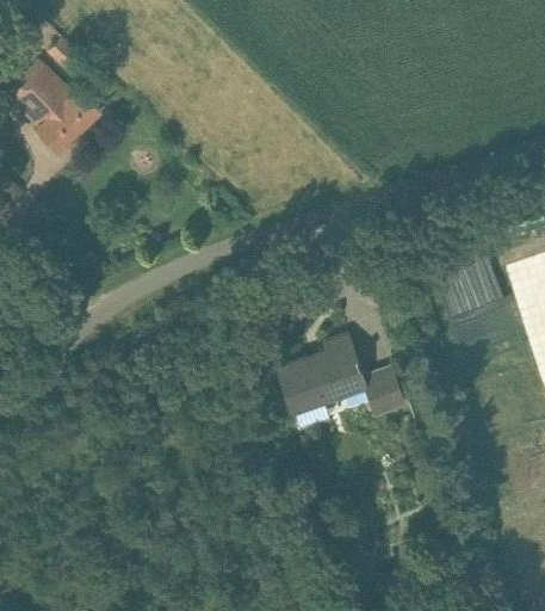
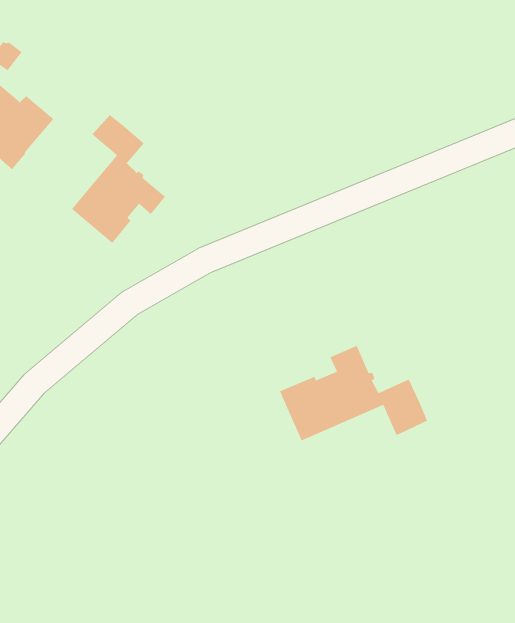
building: none -> [71,114,166,244]

